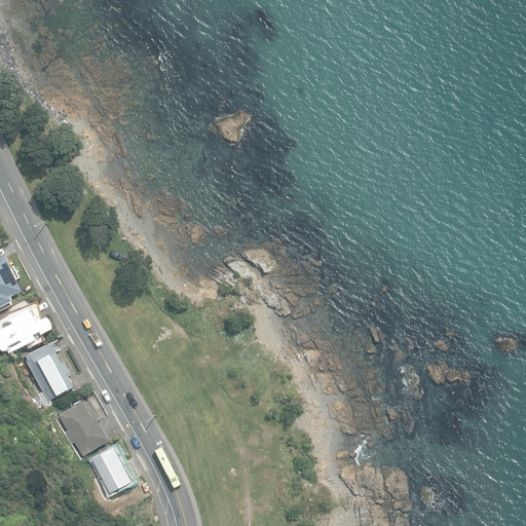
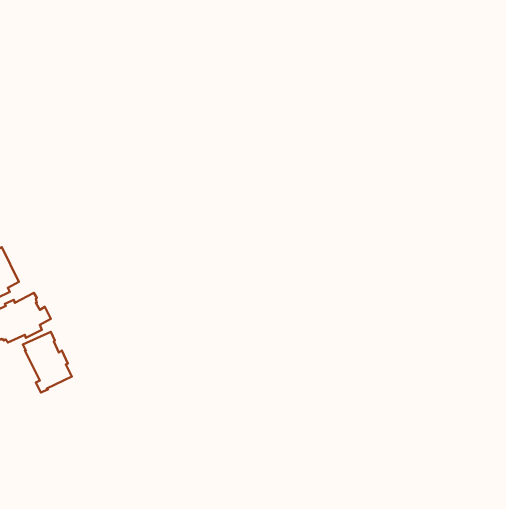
building: [57,401,108,455] -> none
building: [91,447,130,492] -> none

